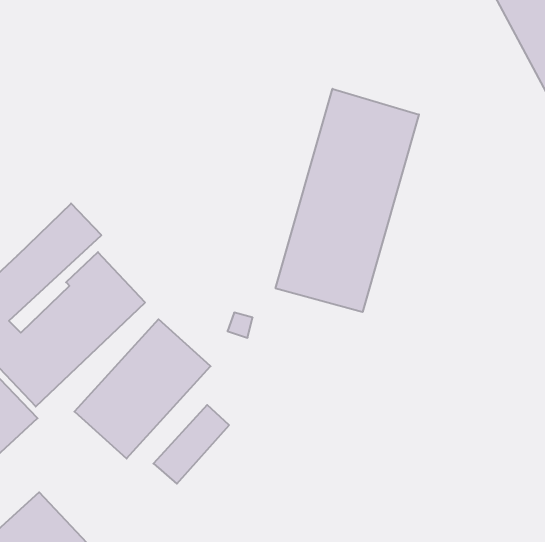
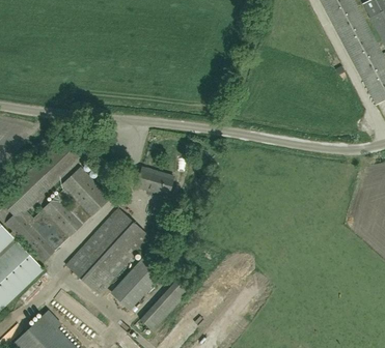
building: [276,89,419,312] -> none
building: none -> [137,169,174,192]
building: none -> [140,279,189,329]

